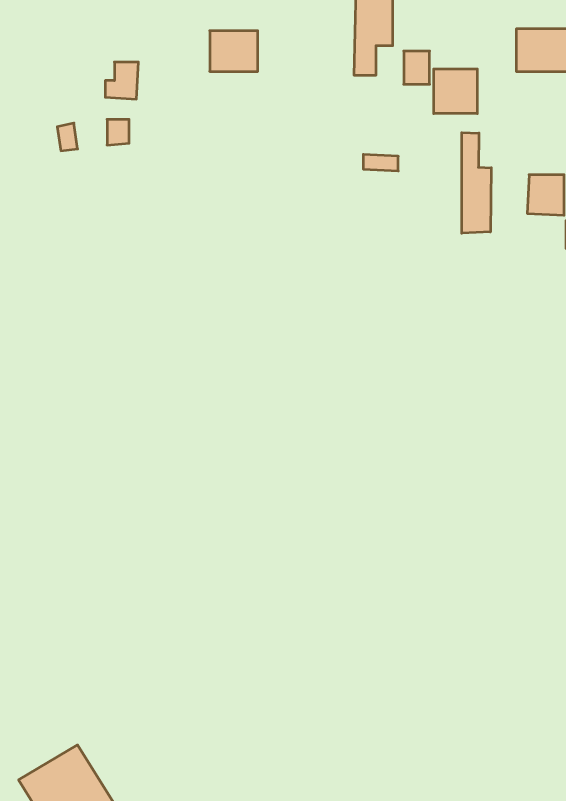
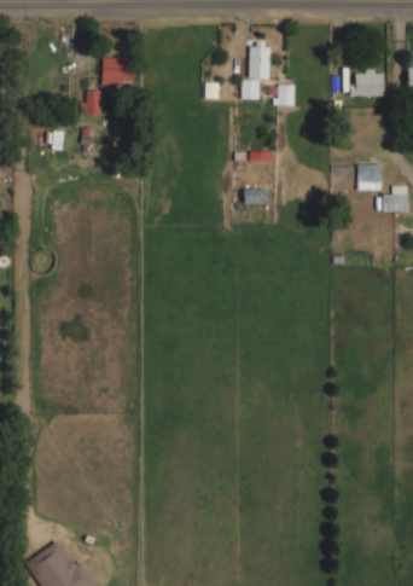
building: [210,31,258,71] -> [101,58,133,85]
building: [434,69,477,114] -> none
building: [462,133,491,233] -> none

